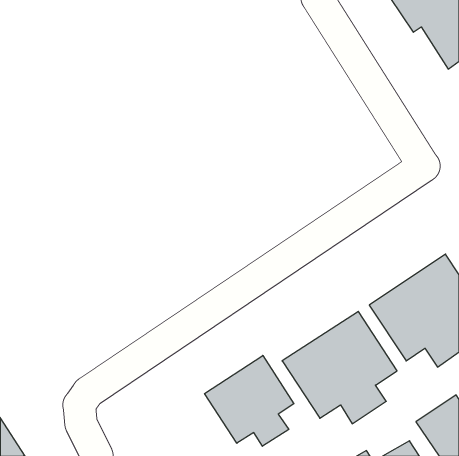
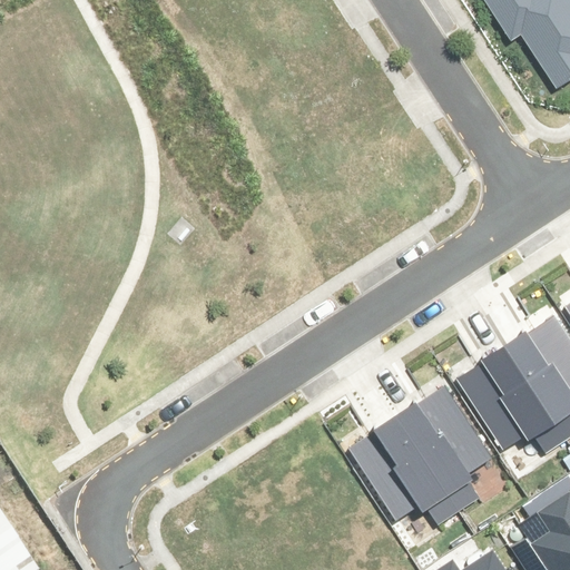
building: [205,355,294,446] -> none

